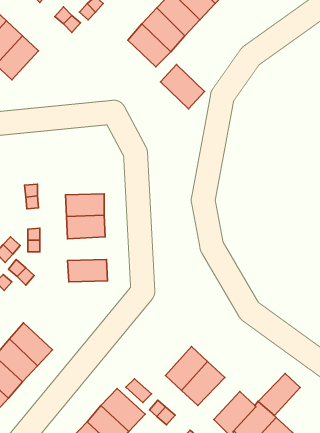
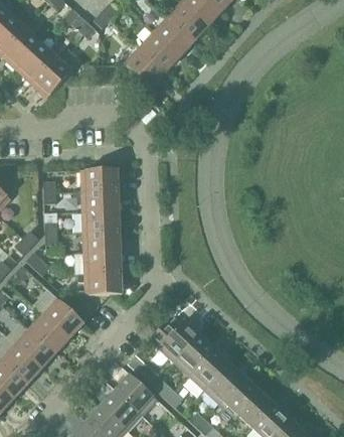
building: none -> [30,56,70,98]
building: [160,65,205,109] -> [124,46,165,88]
building: none -> [79,169,117,191]
building: none -> [82,231,119,253]
building: none -> [83,272,120,294]
building: none -> [41,296,82,336]
building: none -> [148,316,198,360]
building: [258,374,300,416] -> [204,362,243,402]

